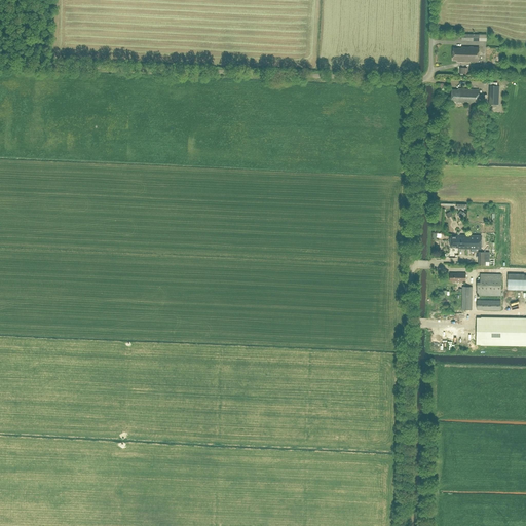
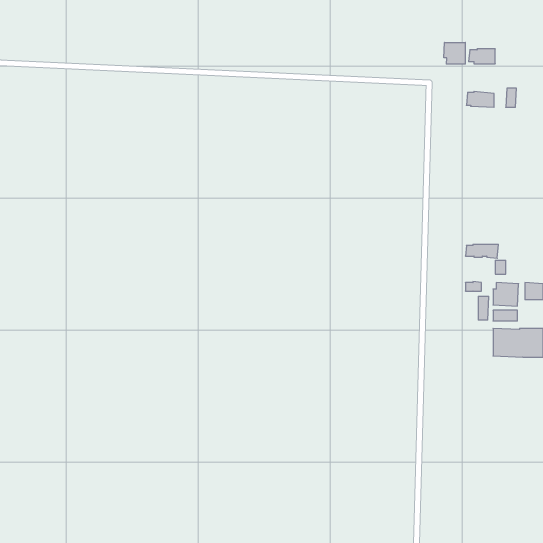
building: none -> [444,42,465,64]

